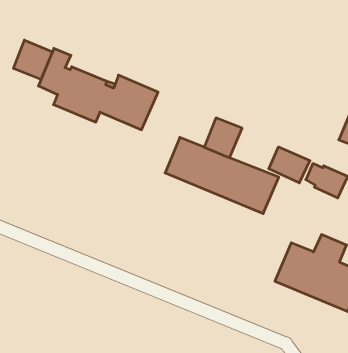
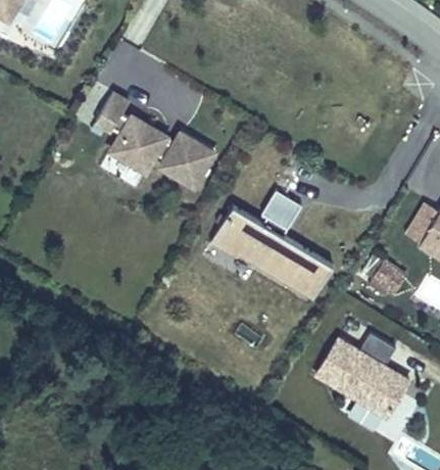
building: [14,40,52,80] -> none
building: [269,147,310,183] -> none

